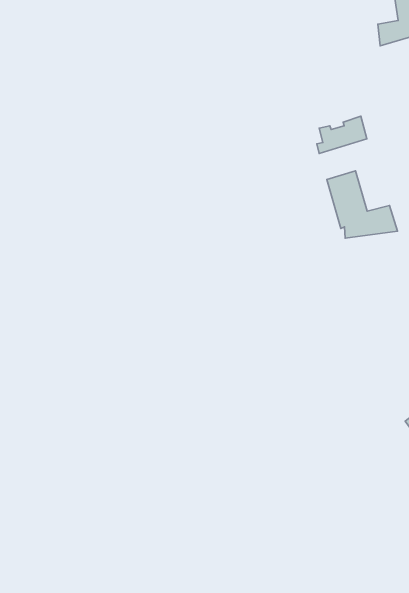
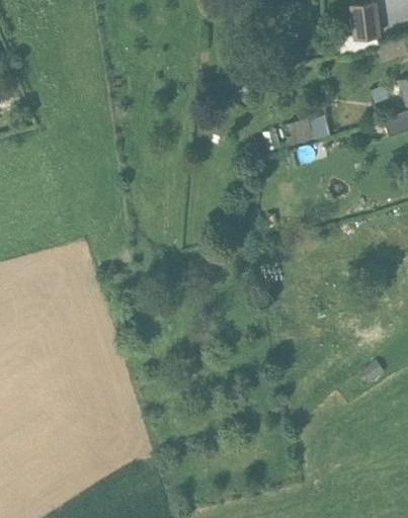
building: [327,171,398,238] -> none

